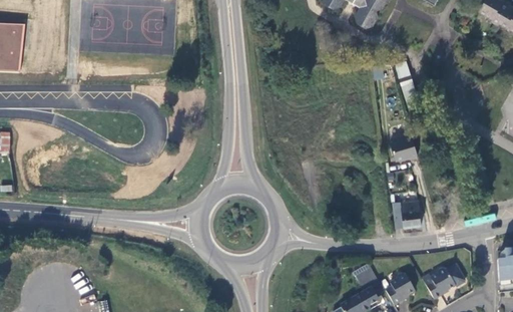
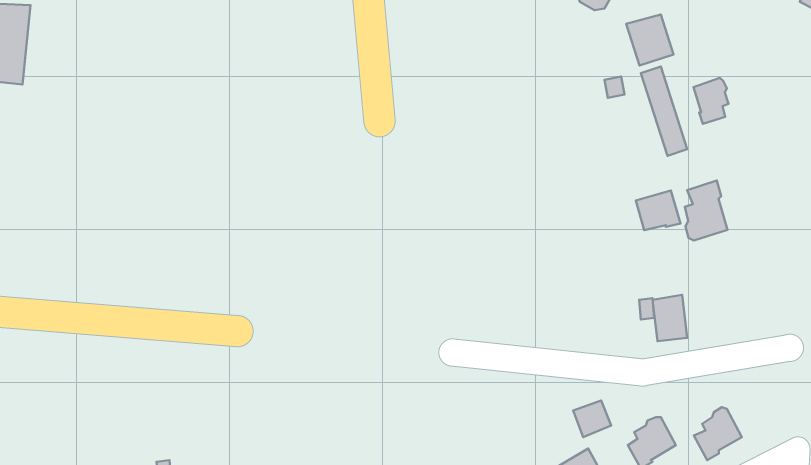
building: none -> [626,14,673,65]
building: none -> [694,78,728,124]
building: none -> [685,181,727,241]

